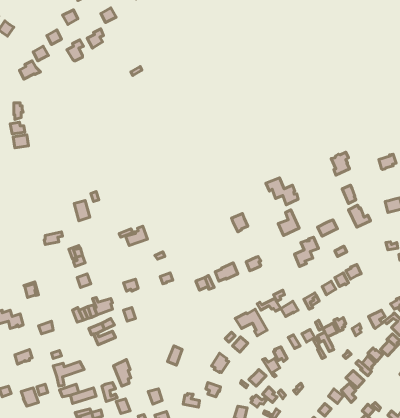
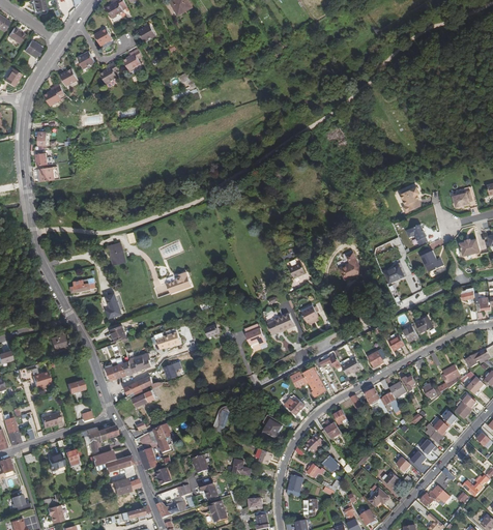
building: [266,178,298,205] -> none
building: [295,237,318,267] -> none

